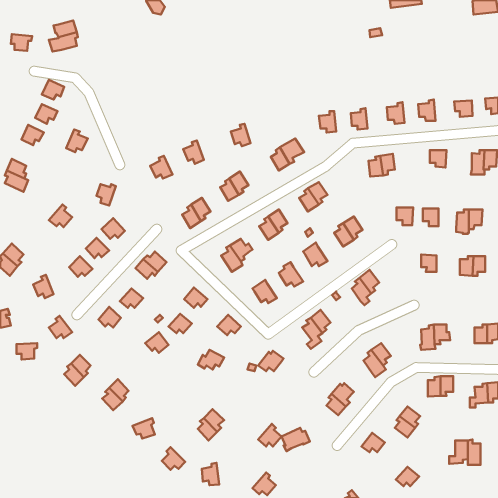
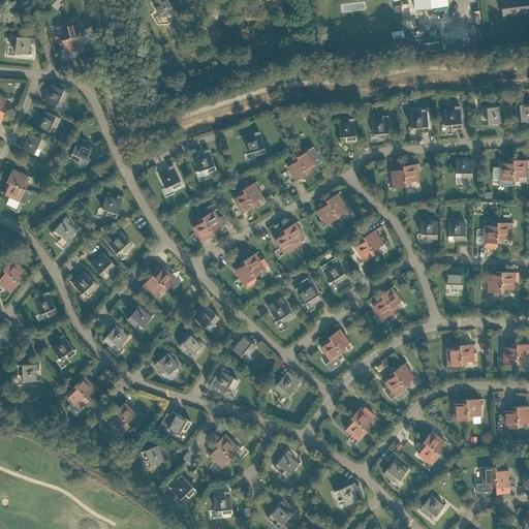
building: none -> [160,411,191,434]
building: [282,428,310,451] -> [335,483,365,507]

